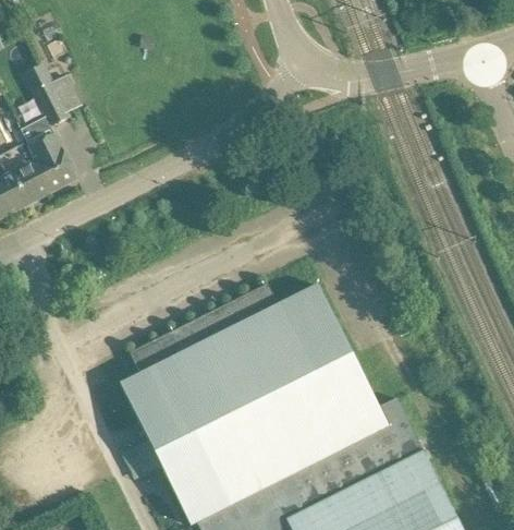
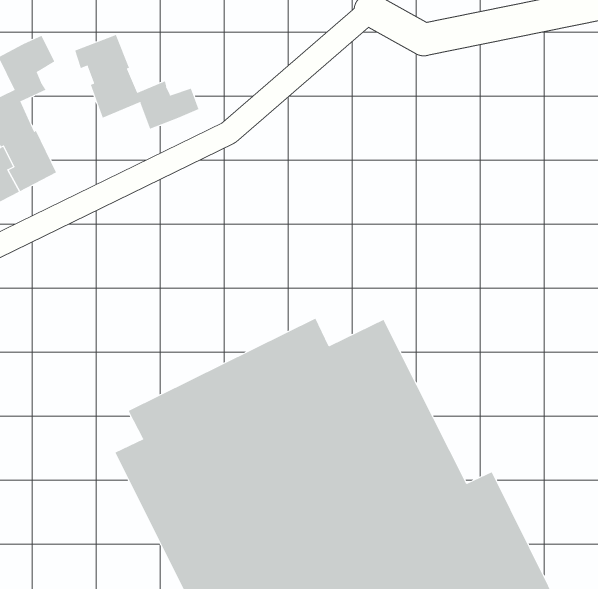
building: none -> [74,34,199,129]

